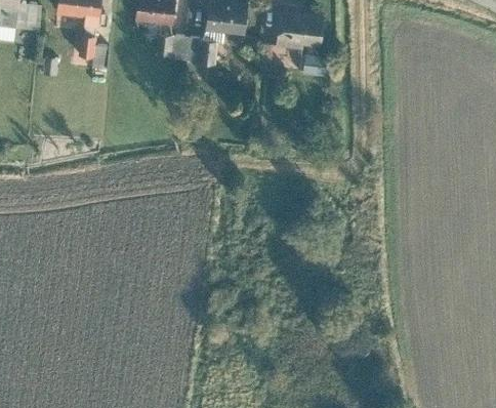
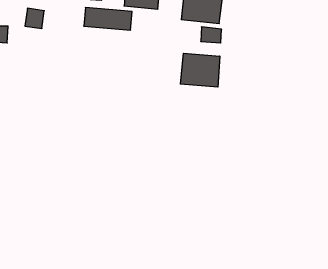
building: none -> [180,53,220,87]

